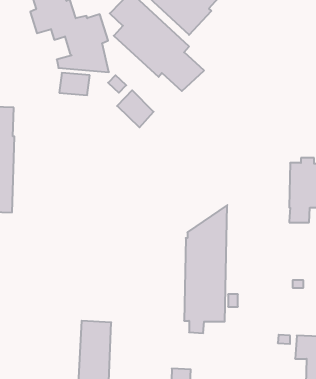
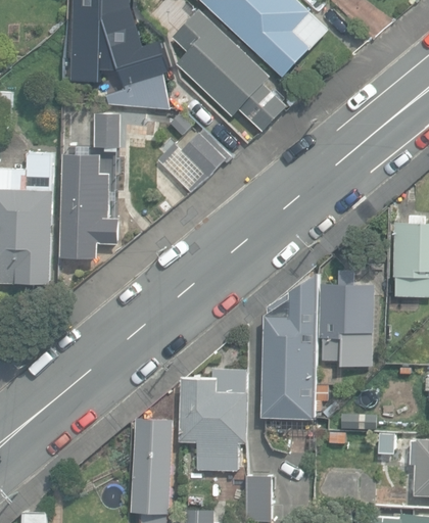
building: none -> [59,154,117,259]
building: none -> [319,271,374,362]
building: none -> [180,368,248,471]

